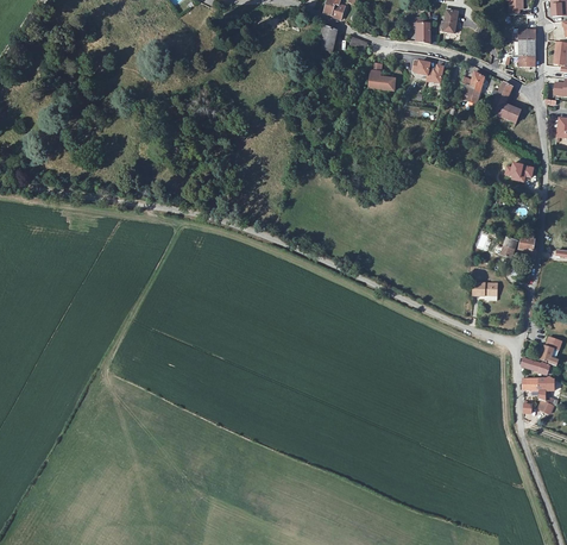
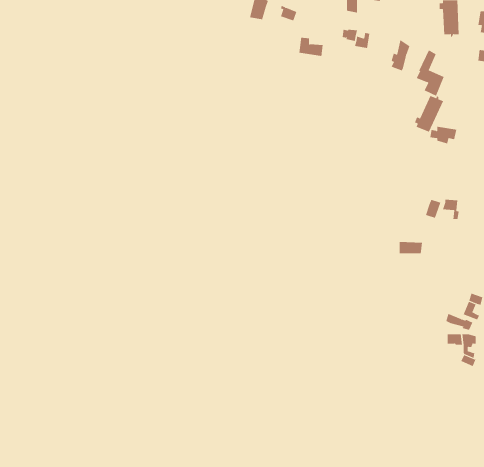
building: none -> [414,95,444,133]

